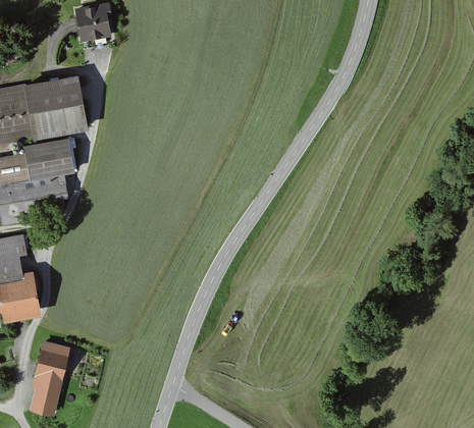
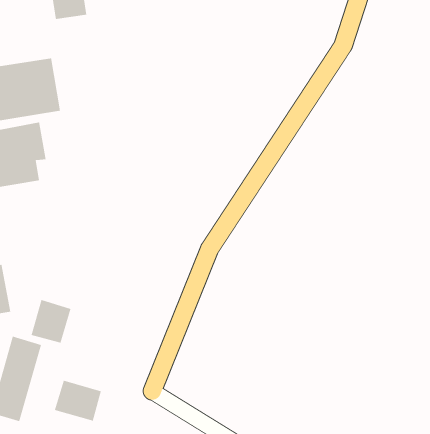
building: none -> [31,299,71,344]
building: none -> [54,380,101,422]

